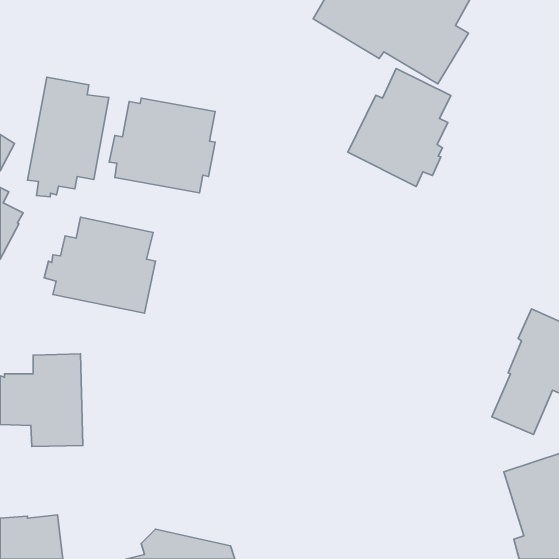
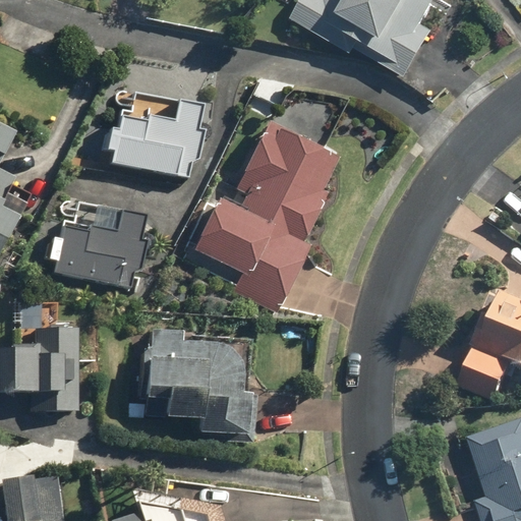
building: [348,69,451,187] -> none
building: [27,77,109,197] -> none
building: none -> [183,119,338,311]
building: none -> [139,330,249,435]

